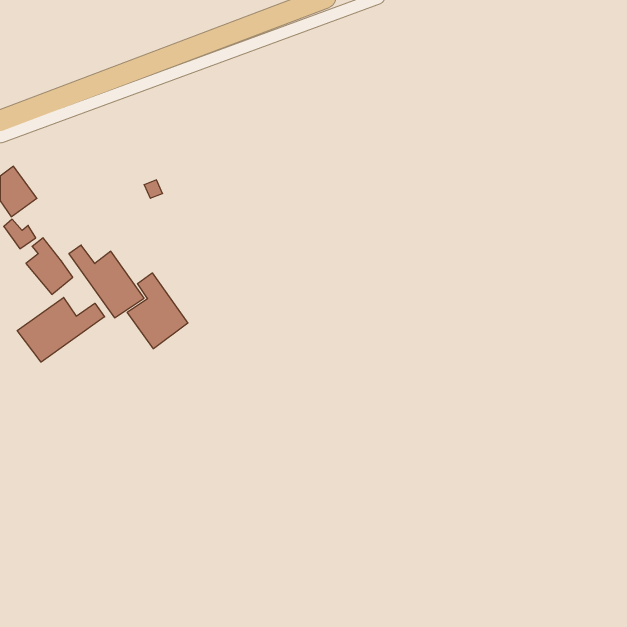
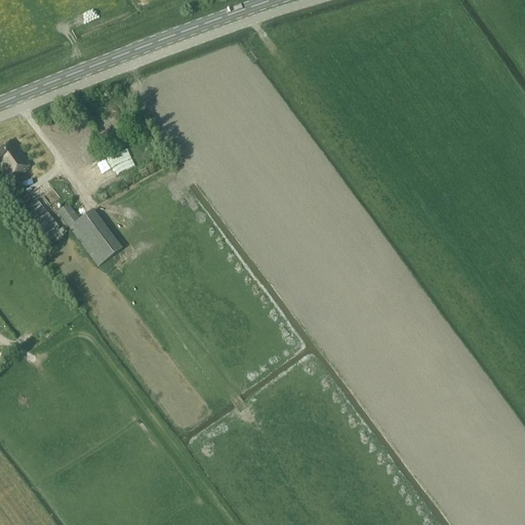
building: [127,273,188,349] -> none
building: [17,297,105,362] -> none

